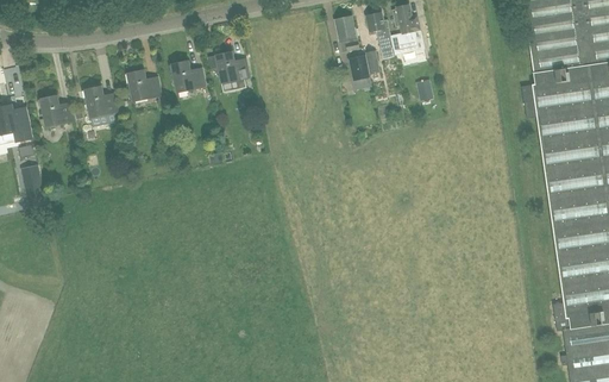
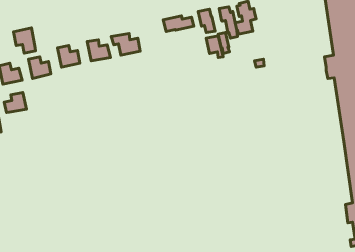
building: none -> [163,16,194,32]
building: none -> [13,28,35,53]
building: none -> [4,92,26,113]

